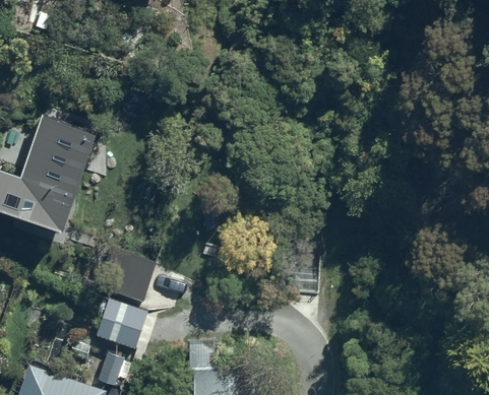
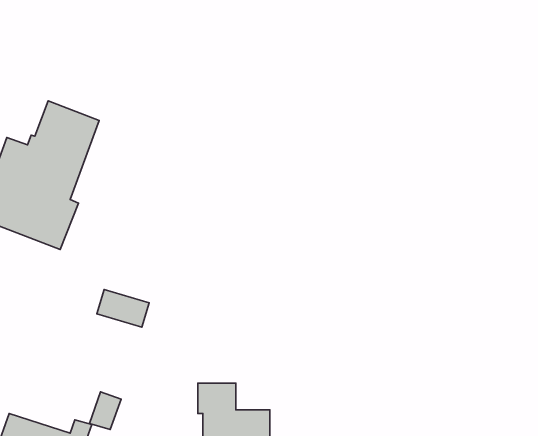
building: [95,300,148,356] -> none

